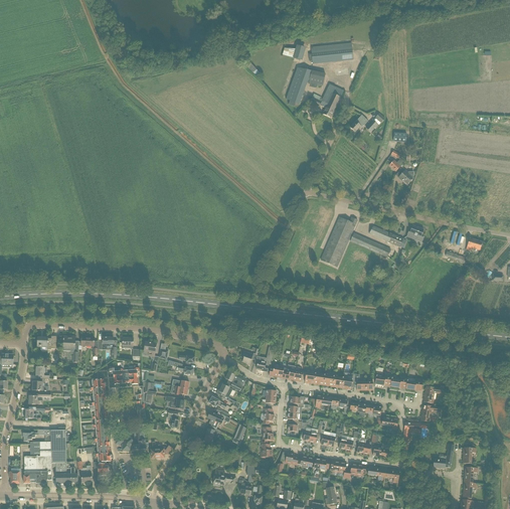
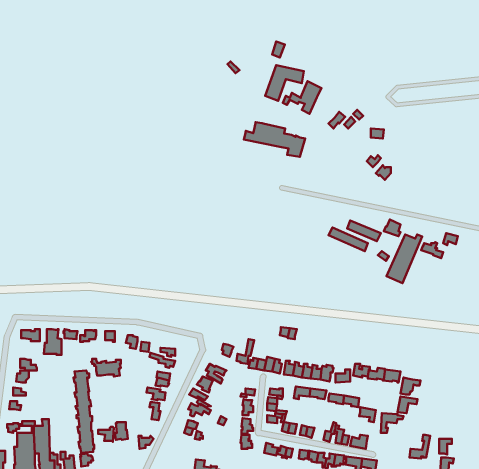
building: [310,44,352,63] -> none
building: none -> [244,122,305,157]
building: [320,217,356,267] -> [387,235,422,283]

